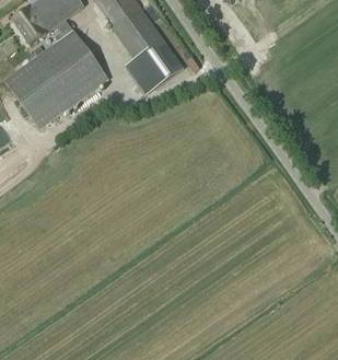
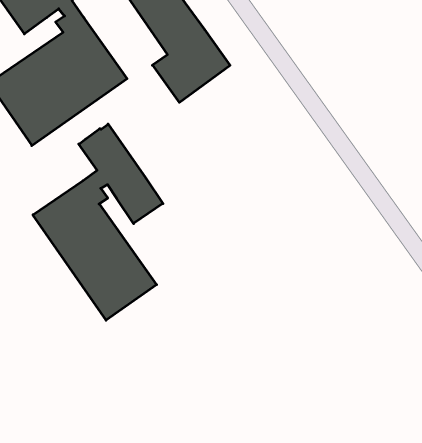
building: none -> [33,124,163,320]

